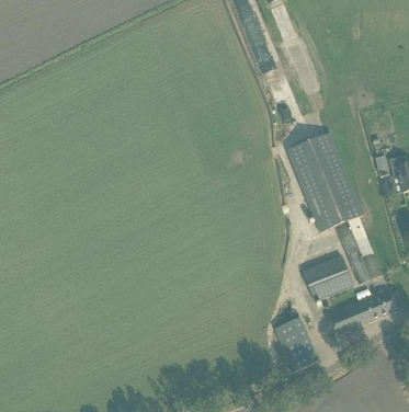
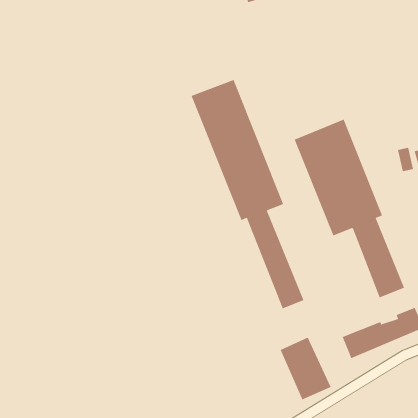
building: none -> [191,79,304,309]
building: [302,254,352,300] -> none

